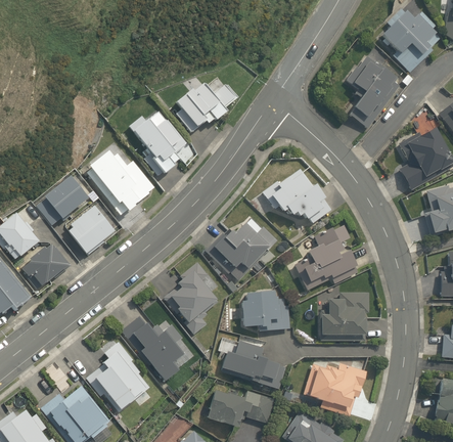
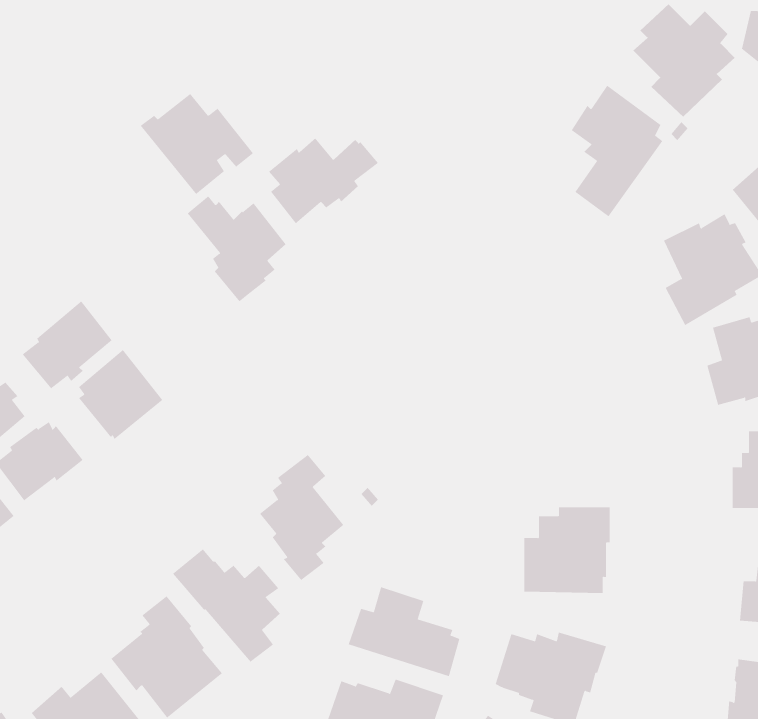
building: [89,154,153,212] -> [140,93,254,195]
building: [262,168,330,222] -> none
building: [207,223,277,270] -> none
building: [293,224,357,290] -> none
building: [241,289,289,328] -> none

